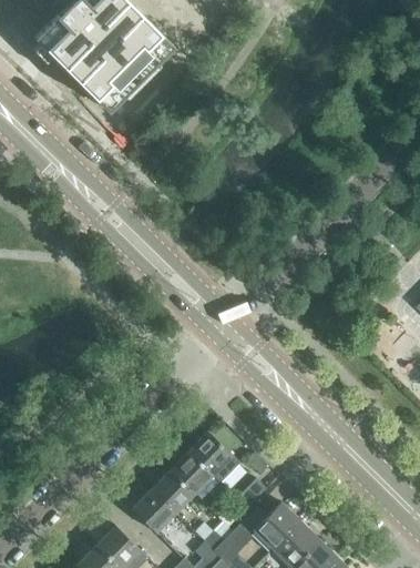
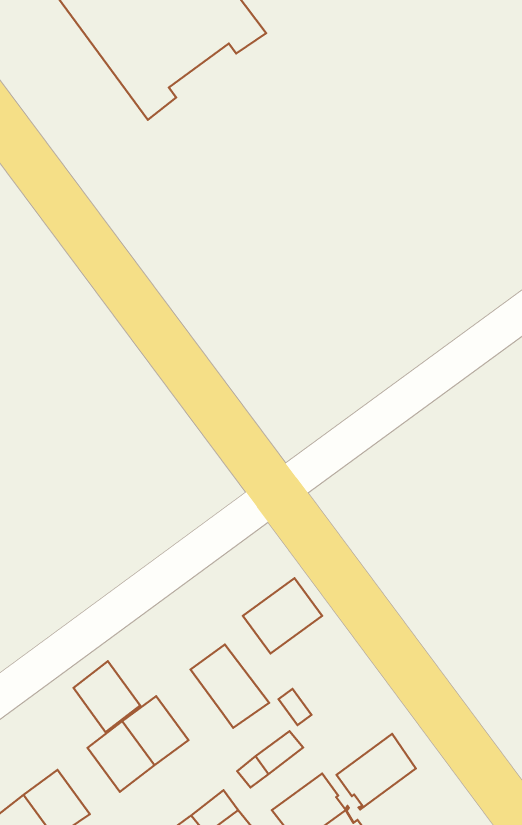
building: none -> [243,578,322,654]
building: [171,452,214,496] -> [73,661,140,732]
building: none -> [336,734,416,809]

